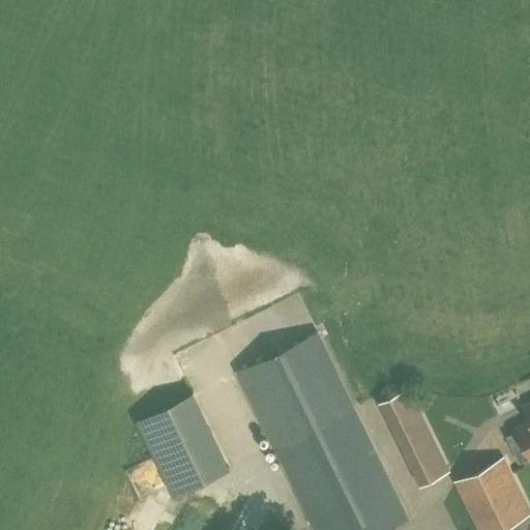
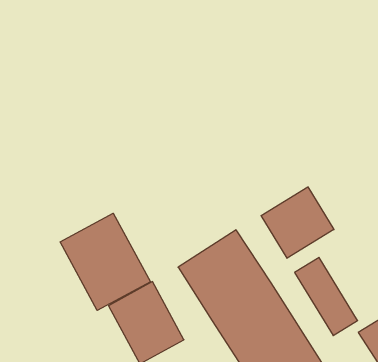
building: none -> [261,187,334,258]
building: none -> [60,213,150,310]

